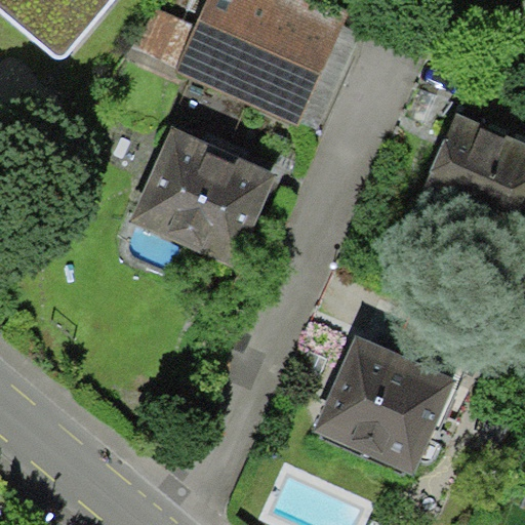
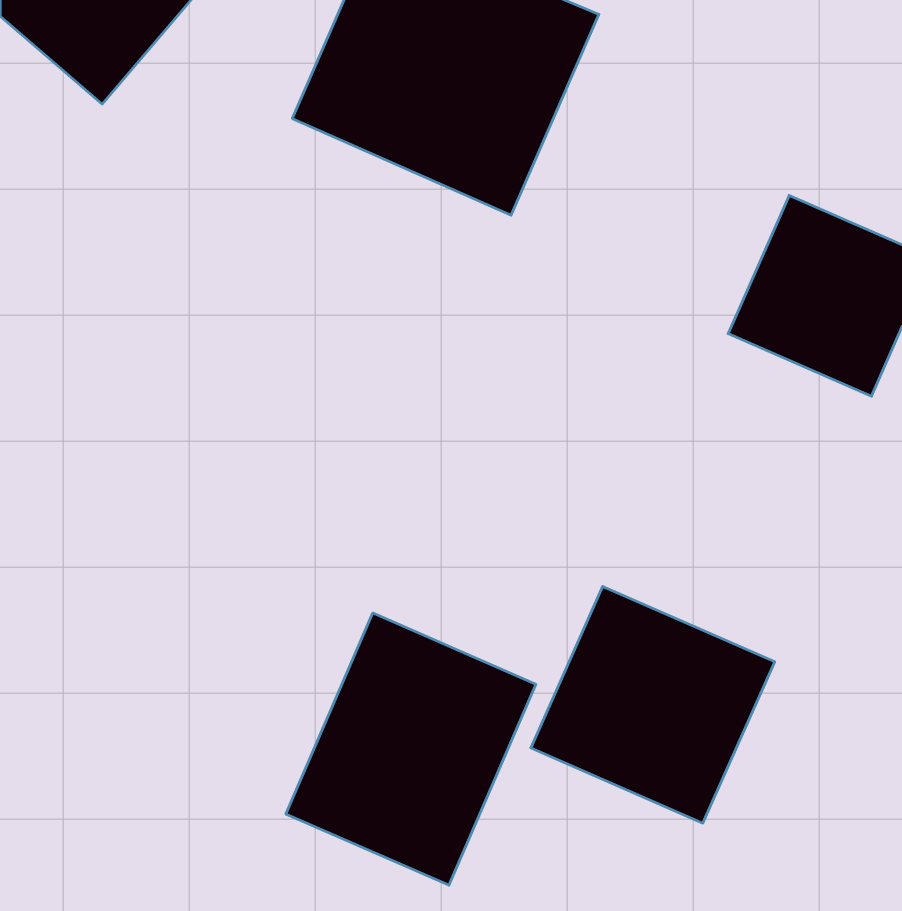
building: [131,128,273,260] -> none
building: none -> [286,613,536,885]

